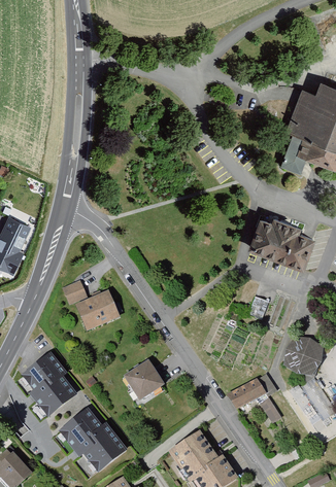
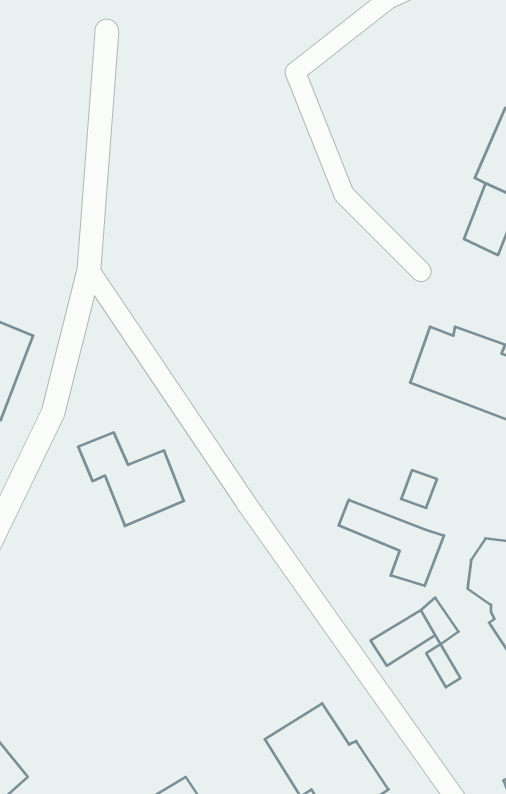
building: none -> [339,500,444,586]
building: [20,351,128,471] -> none
building: [124,361,165,403] -> none

